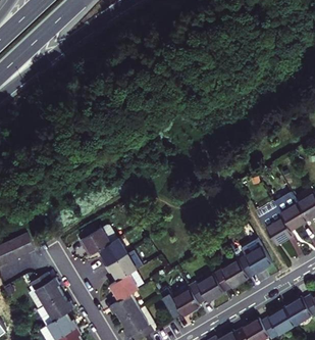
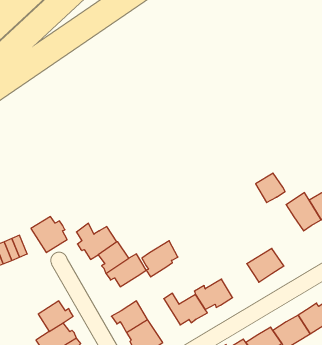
building: [263,216,291,244] -> [256,173,285,203]
building: [212,260,247,292] -> none
building: [110,271,144,304] -> [142,241,178,277]
building: [27,274,60,307] -> [31,217,67,253]

